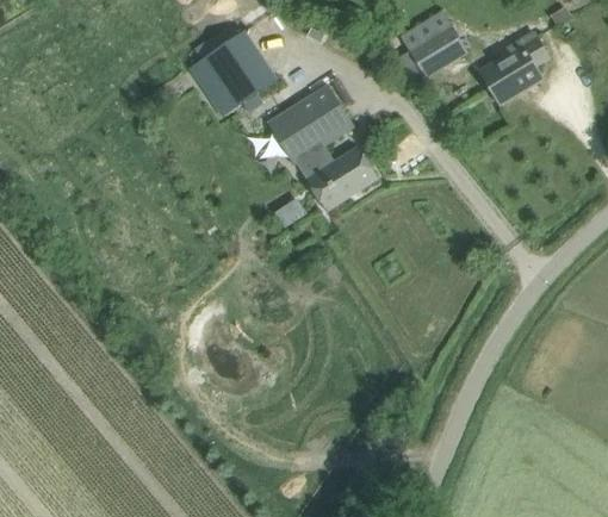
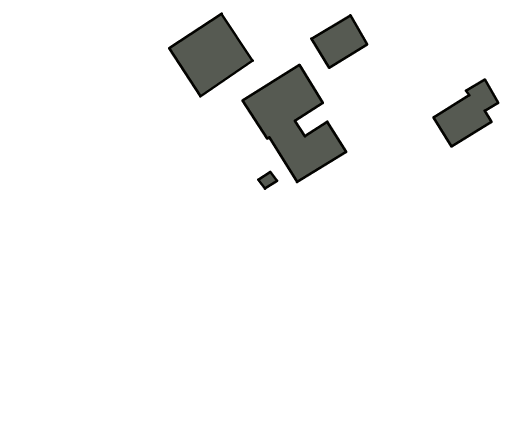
building: [408,21,467,77] -> [311,15,367,68]
building: [479,31,548,102] -> [434,80,498,146]

